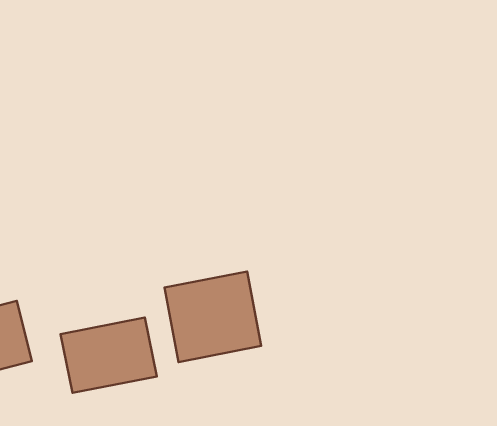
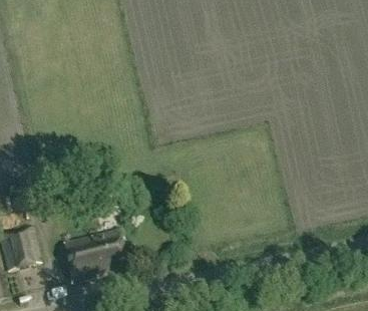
building: [164,271,261,362] -> none

